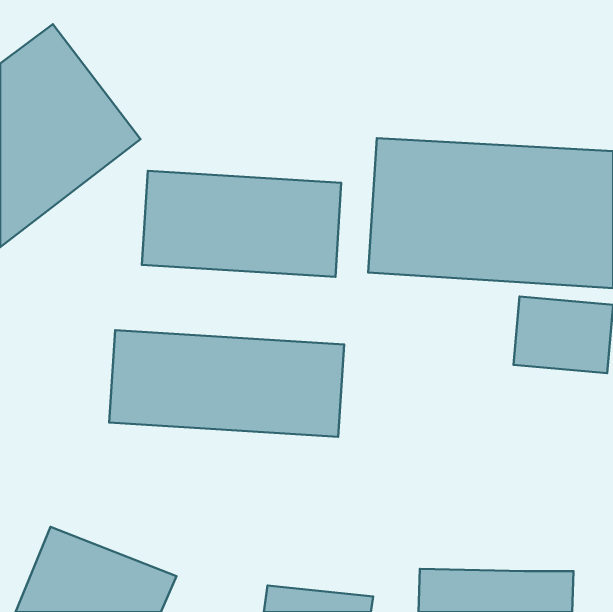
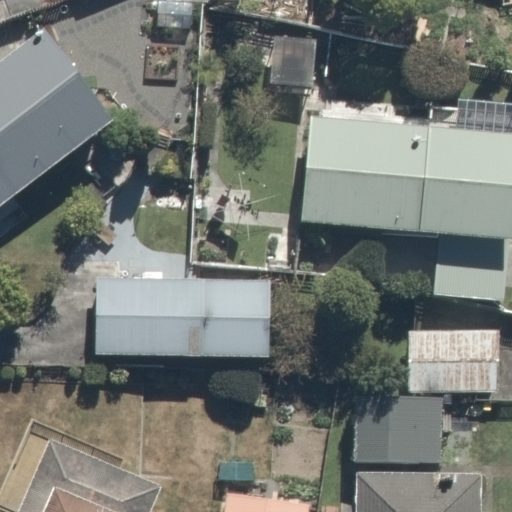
building: [142,171,341,277] -> none
building: none -> [402,323,505,391]
building: none -> [350,401,438,476]

